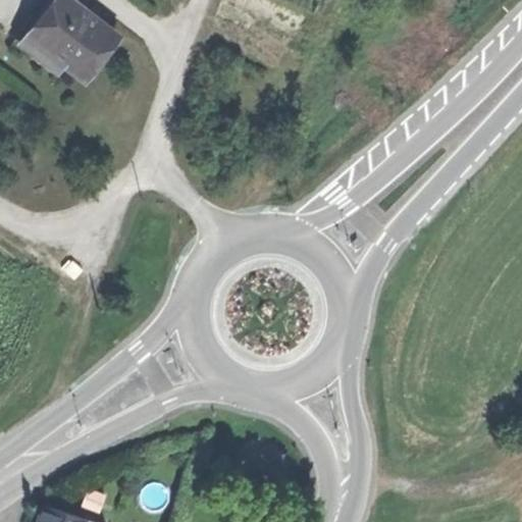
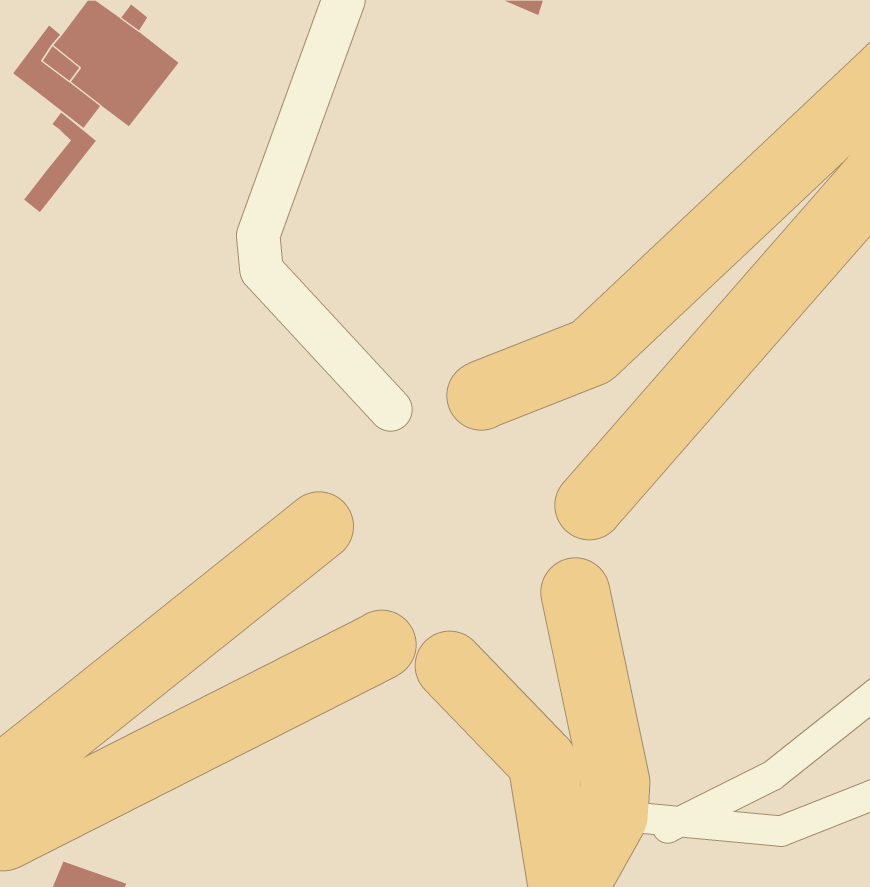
building: none -> [23,111,97,213]

